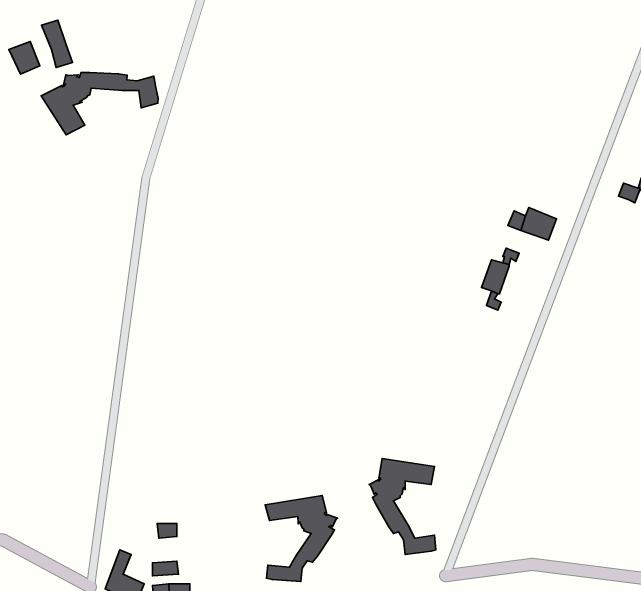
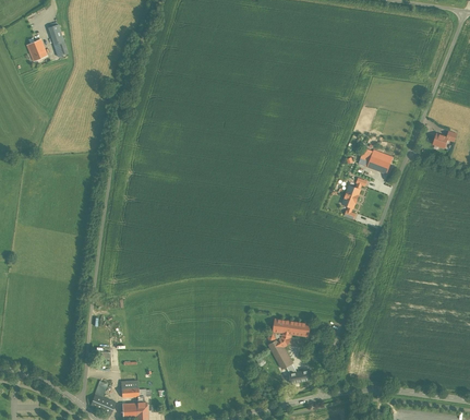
building: [41,72,158,135] -> none
building: [265,496,337,581] -> none

